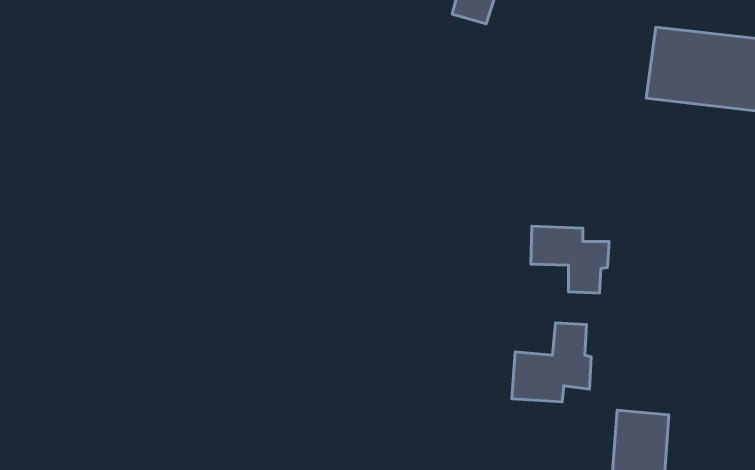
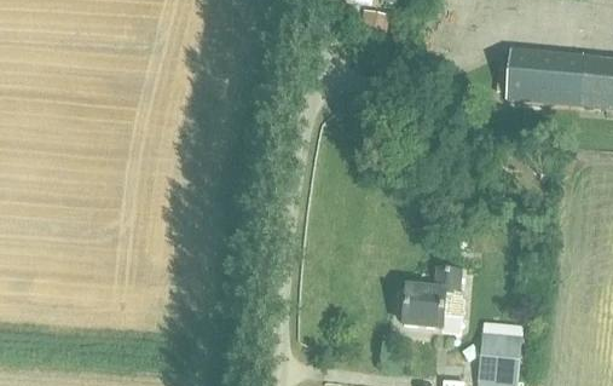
building: [531,226,609,293] -> none

